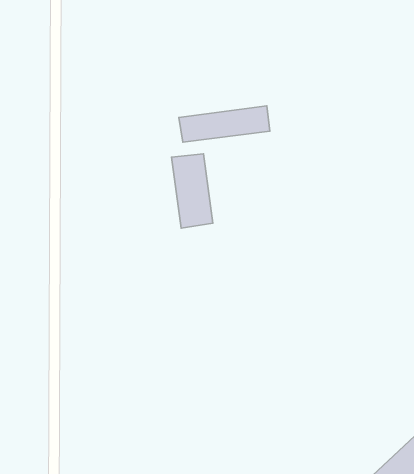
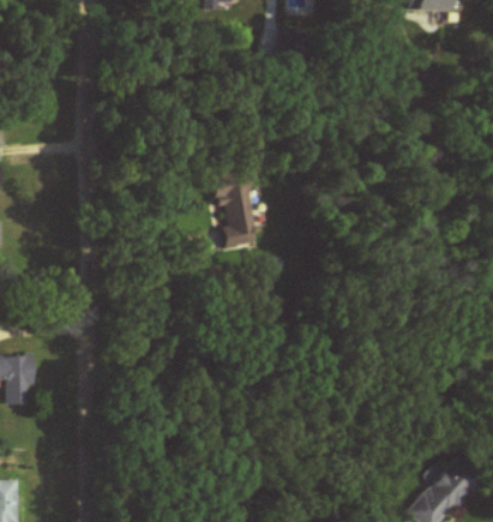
building: [179,106,270,142] -> none

